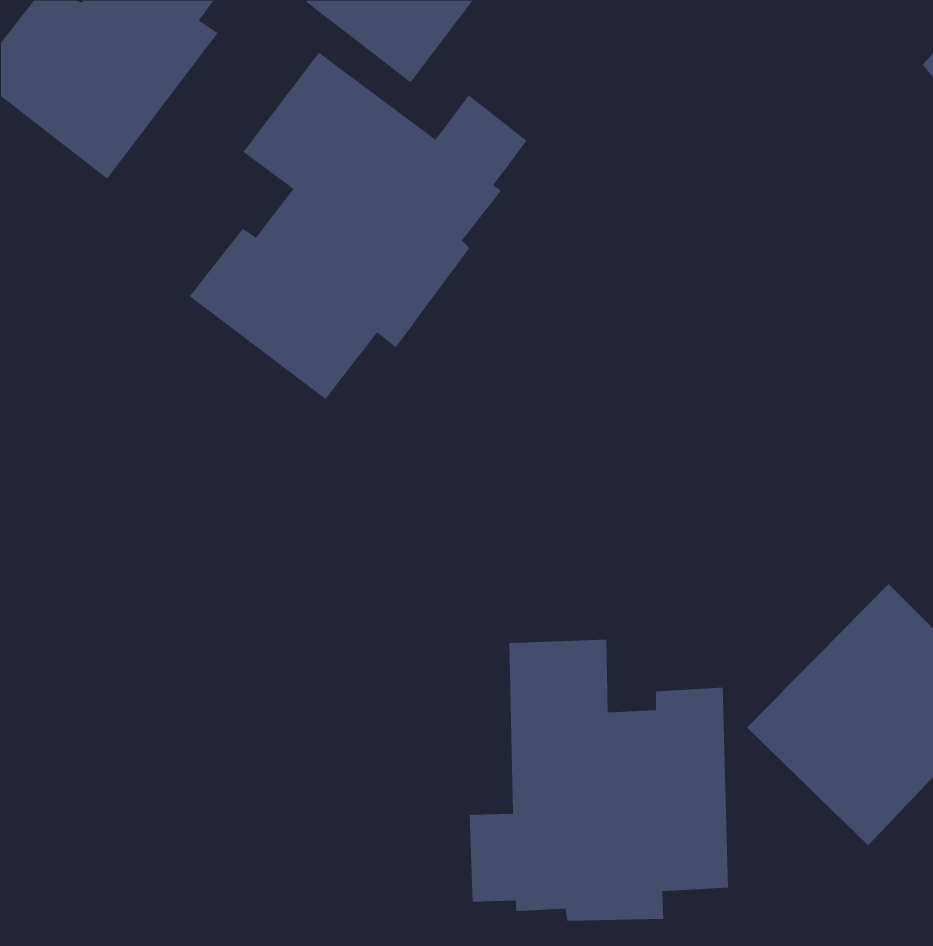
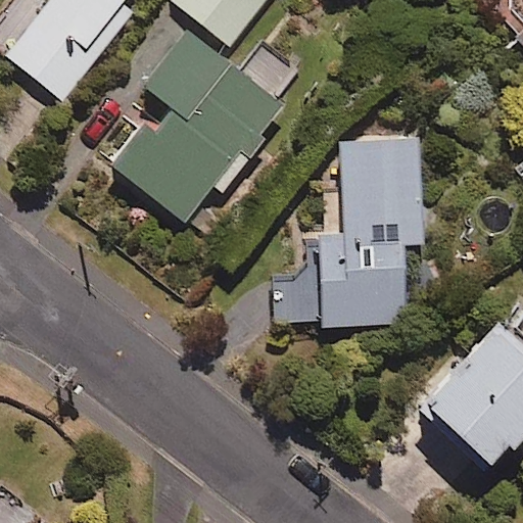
building: none -> [276,138,423,327]
building: [469,639,729,921] -> none

